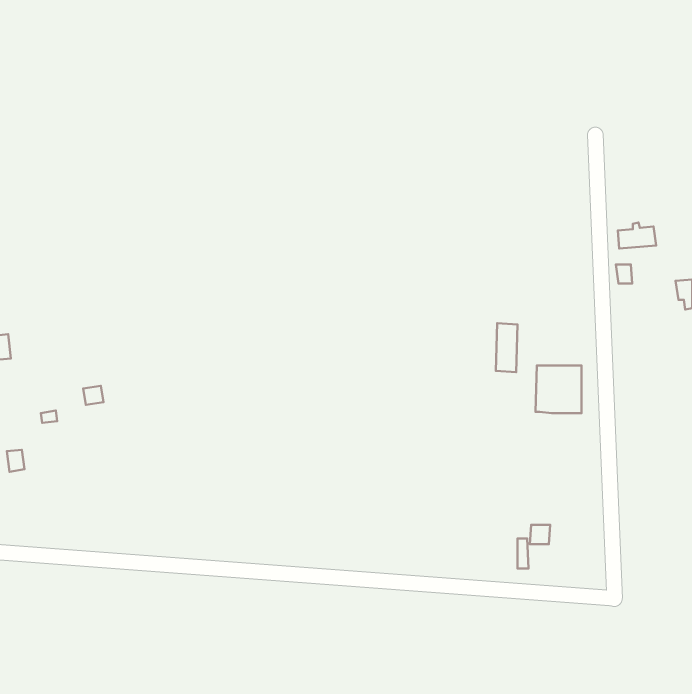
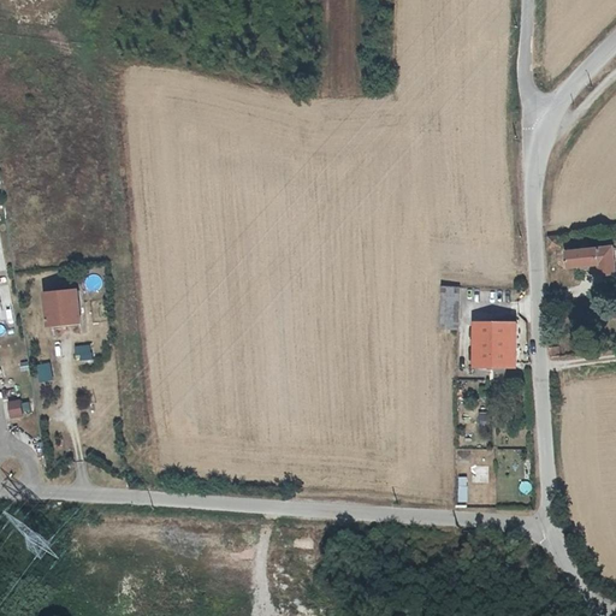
building: [618,222,656,248] -> [565,244,599,267]
building: none -> [46,291,81,327]

